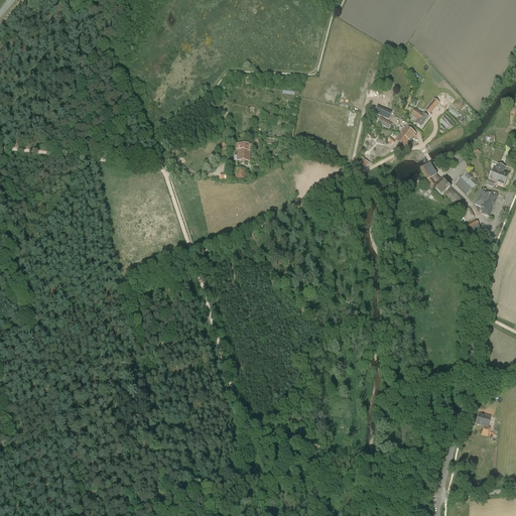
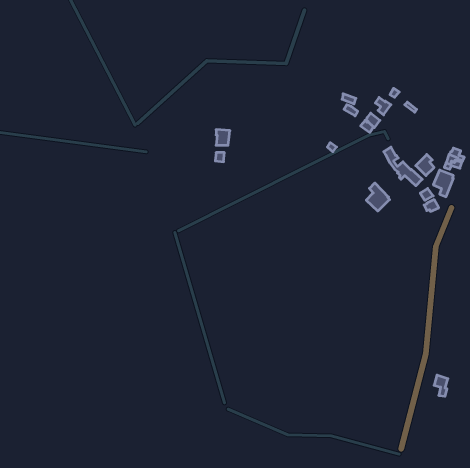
building: none -> [366,183,390,211]

